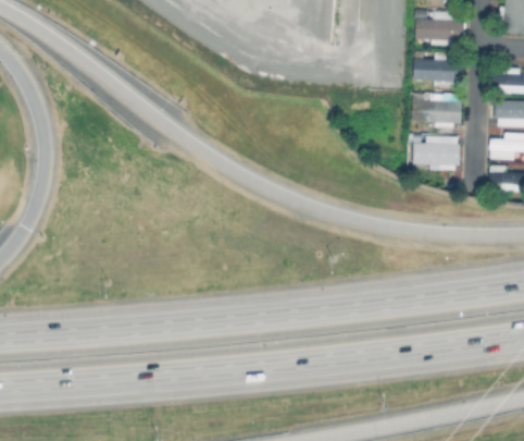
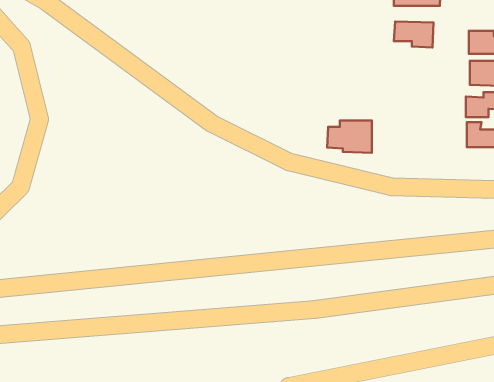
building: [415,100,461,126] -> none
building: [412,135,459,169] -> [327,121,372,153]

